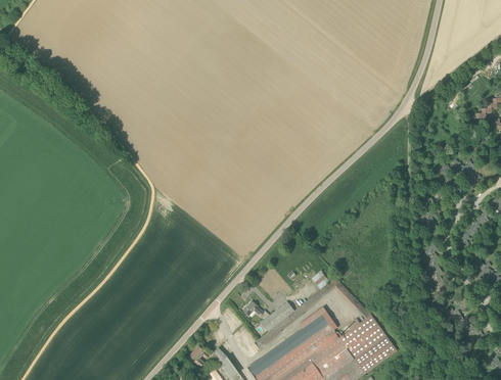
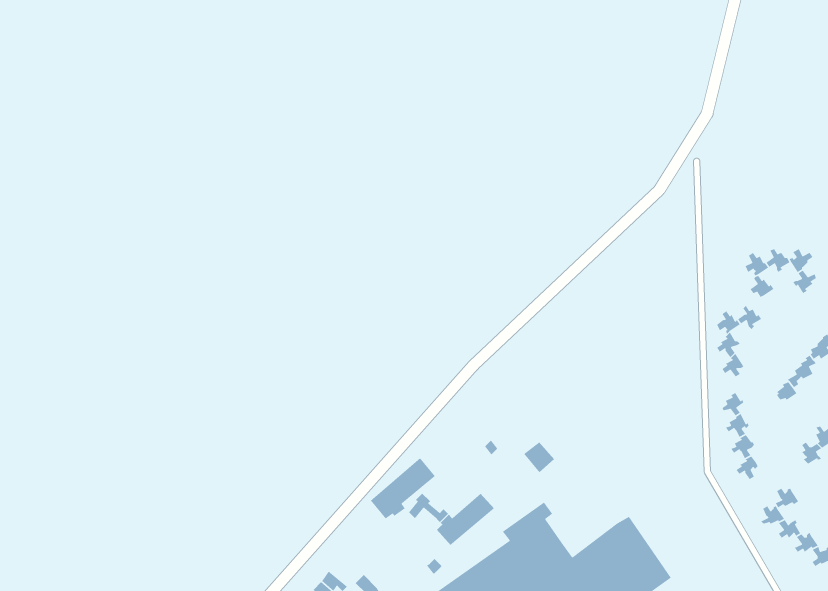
building: none -> [370,457,436,520]

